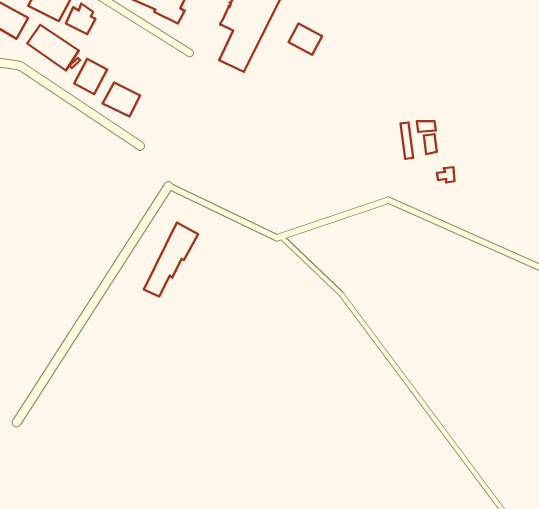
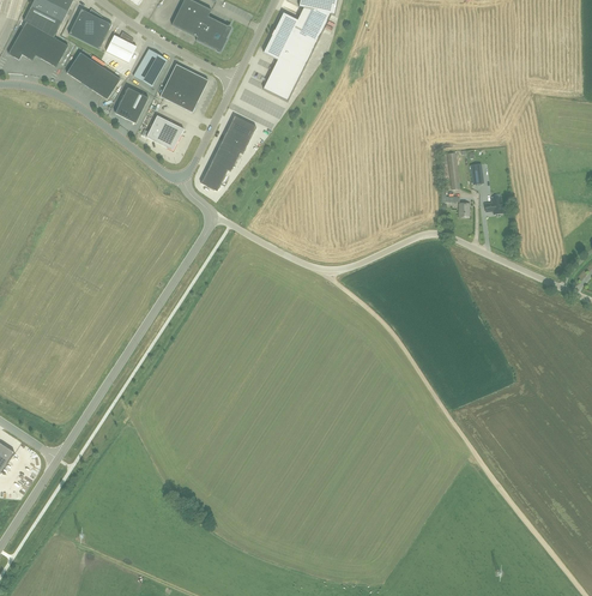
building: none -> [133,48,168,85]
building: [289,23,322,55] -> none
building: none -> [161,62,209,110]
building: [144,222,198,297] -> [201,114,256,189]

